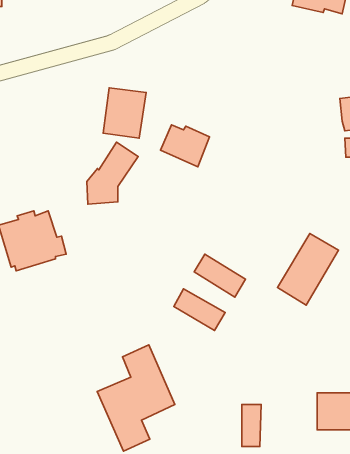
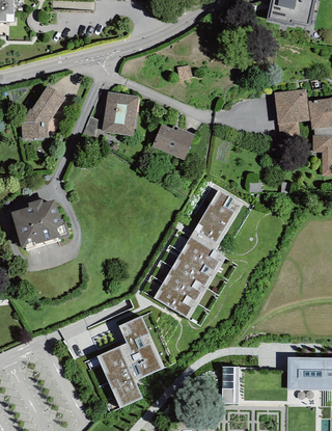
building: none -> [274,87,309,139]
building: [87,142,138,204] -> [21,84,65,138]
building: [278,234,339,305] -> [190,189,243,251]
building: none -> [171,251,216,287]
building: none -> [154,281,198,319]

